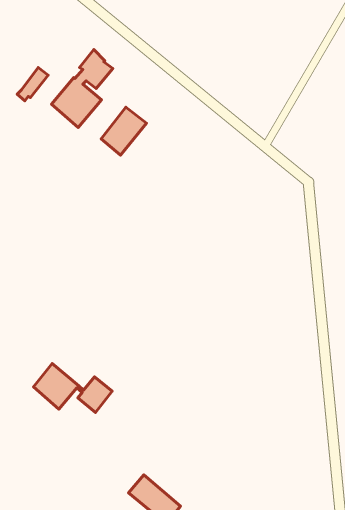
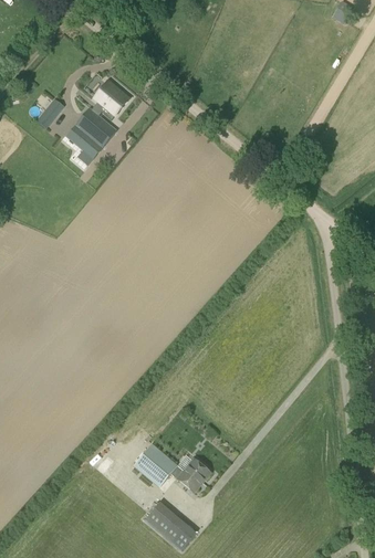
building: [101,107,146,155] -> none
building: [33,363,112,412] -> [133,443,211,492]

